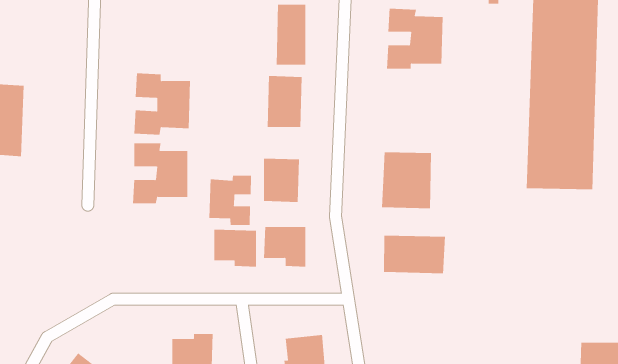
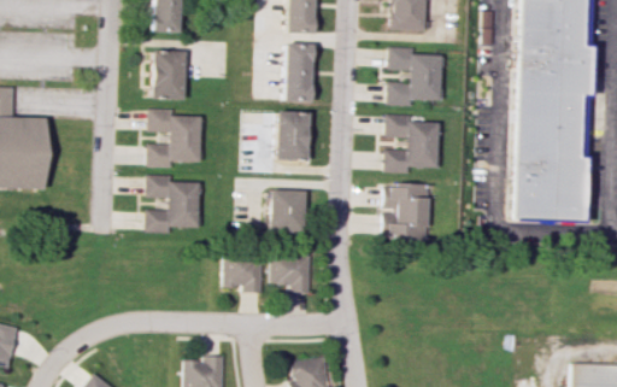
building: none -> [152,51,186,99]
building: none -> [386,115,440,172]
building: [209,175,251,226] -> none
building: [383,235,445,274] -> none

